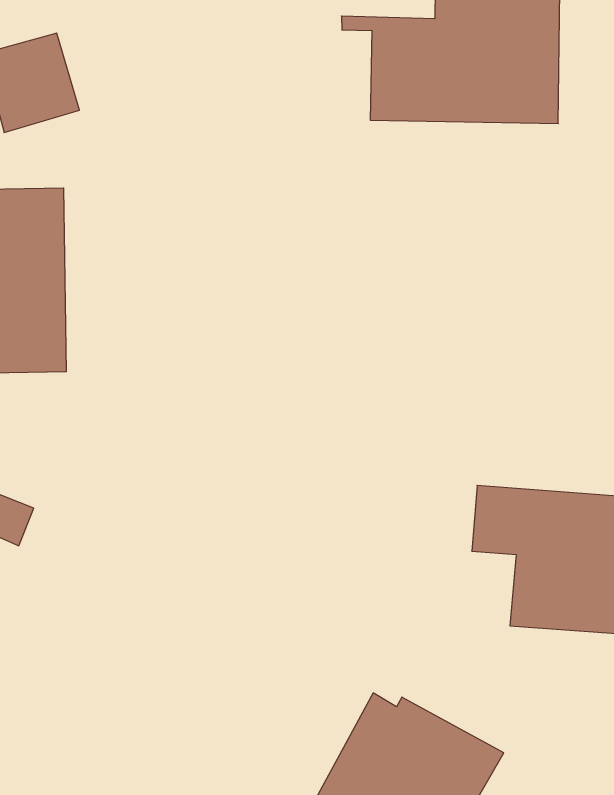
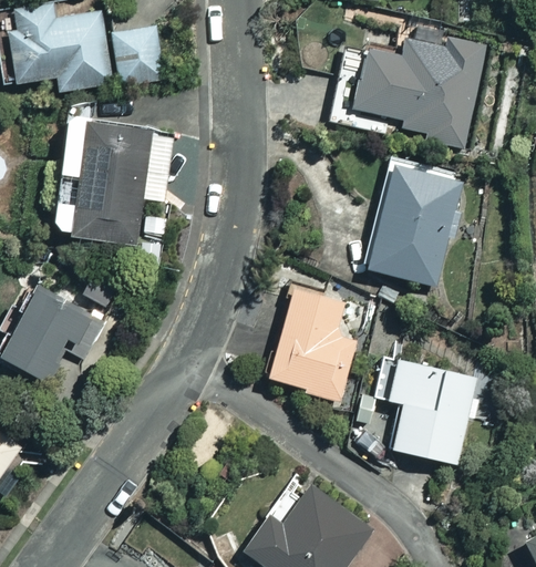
building: none -> [361,161,467,288]
building: none -> [266,287,359,401]

